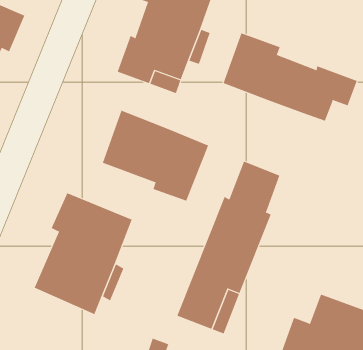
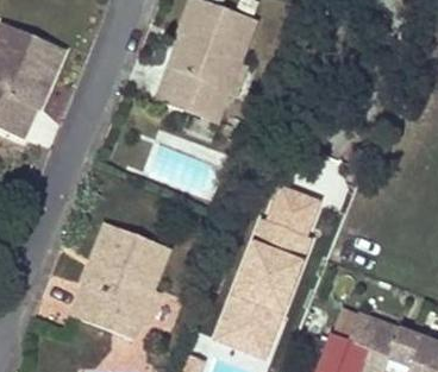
building: [223,33,357,122] -> none
building: [102,110,209,201] -> none

